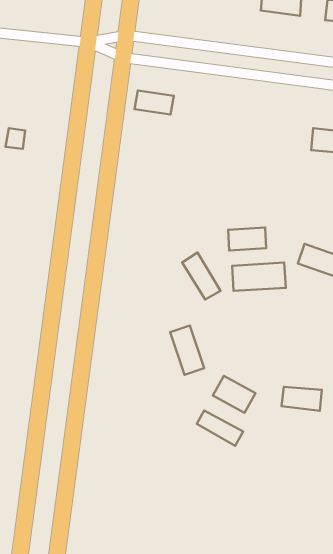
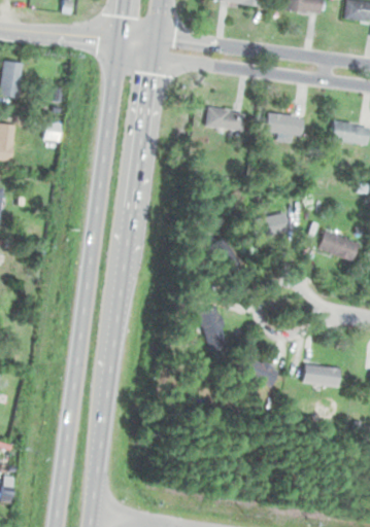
building: [134,90,174,114] -> [206,108,243,131]
building: none -> [265,113,305,137]
building: [232,263,286,291] -> none
building: [197,410,243,446] -> none

